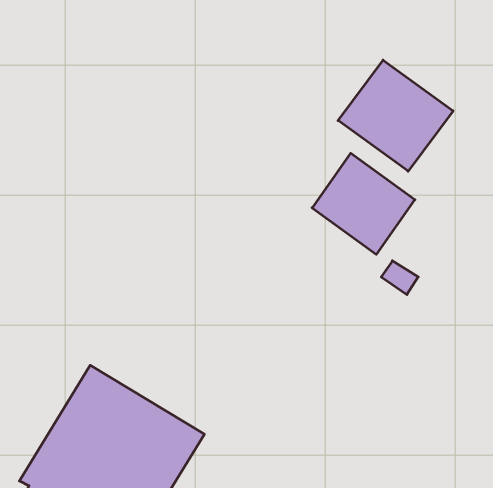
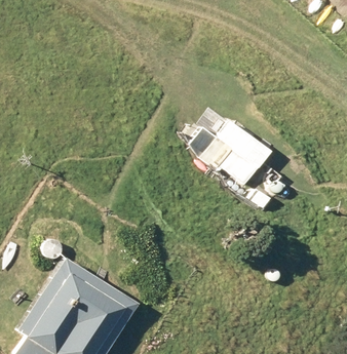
building: [338,60,453,171] -> none

